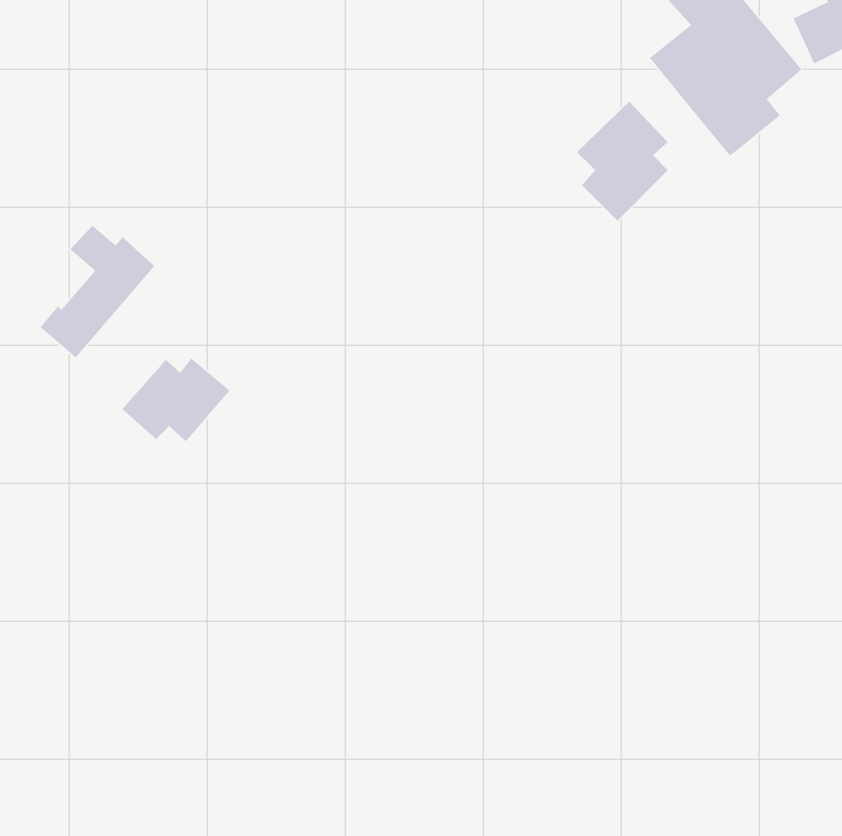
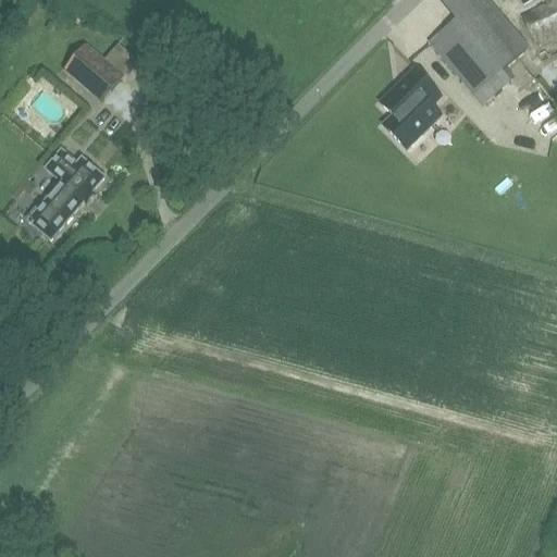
building: none -> [63,41,138,100]
building: [122,357,230,442] -> none

